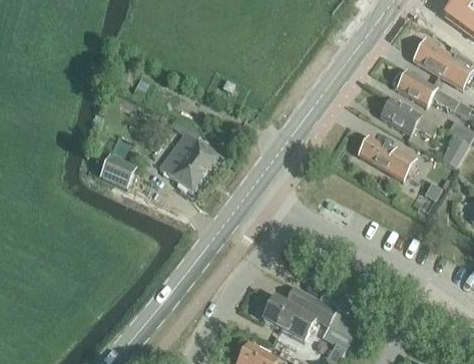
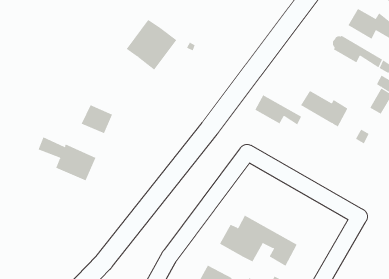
building: [382,98,438,134] -> [255,95,302,125]
building: [157,130,218,192] -> [126,19,177,71]
building: none -> [38,137,96,181]

